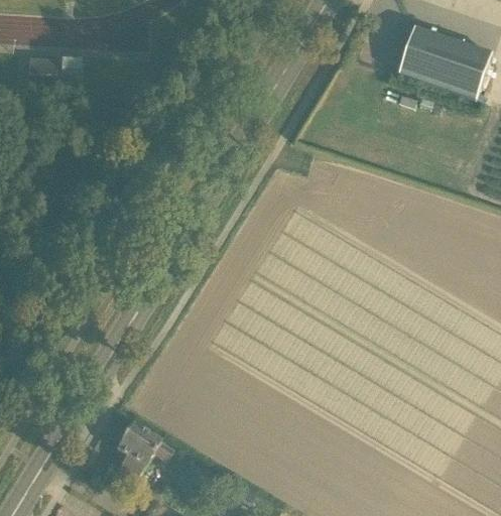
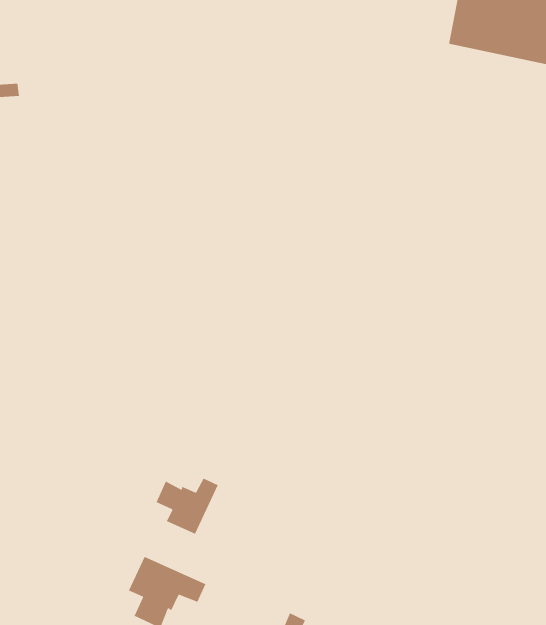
building: none -> [156,477,219,535]

